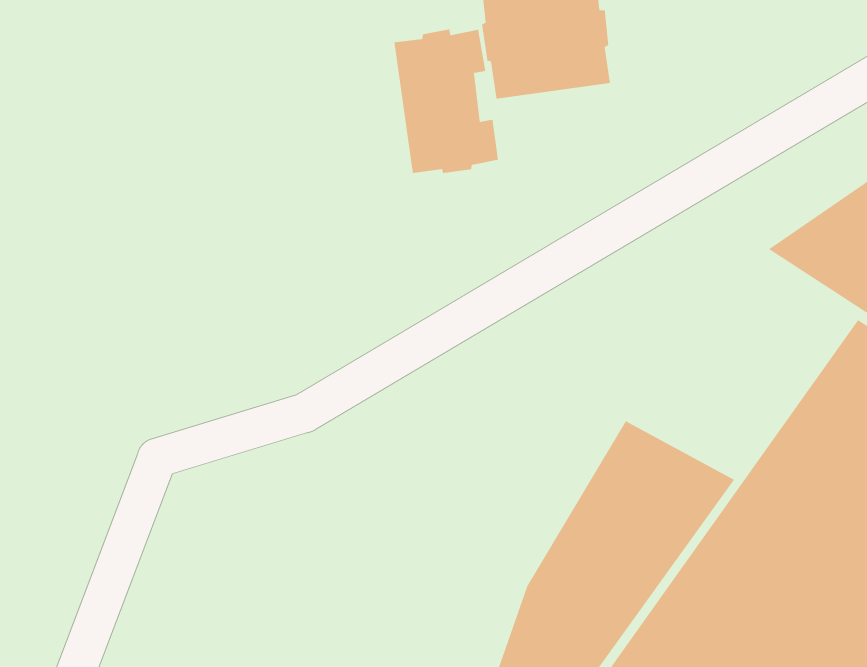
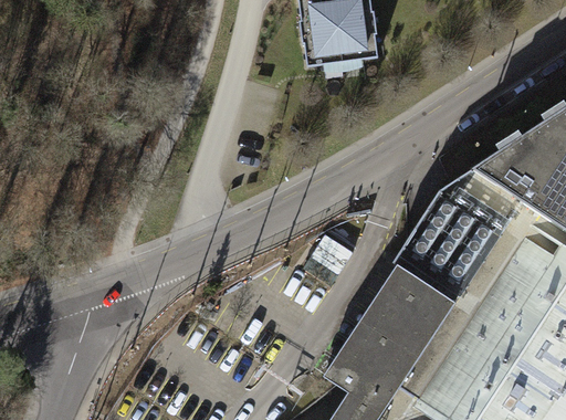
building: [393,28,499,174] -> none
building: none -> [398,172,521,297]

